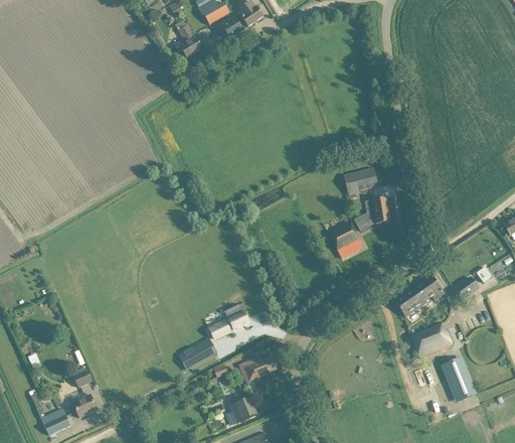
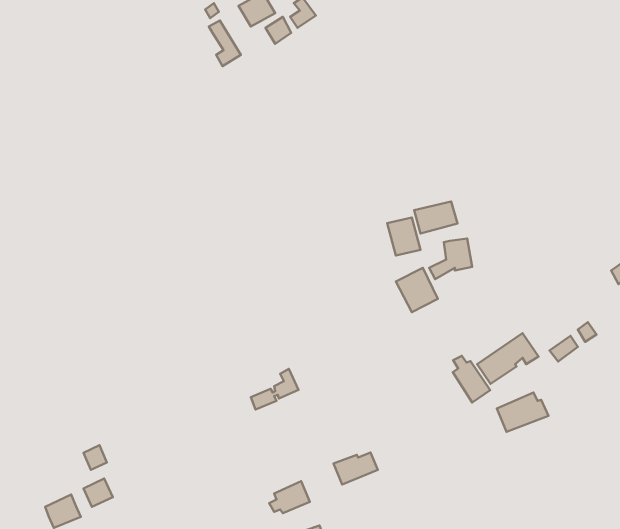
building: none -> [387,218,421,256]
building: none -> [453,356,490,403]
building: [178,337,217,368] -> none
building: [239,355,276,382] -> [333,453,378,485]
building: [441,355,477,402] -> none

